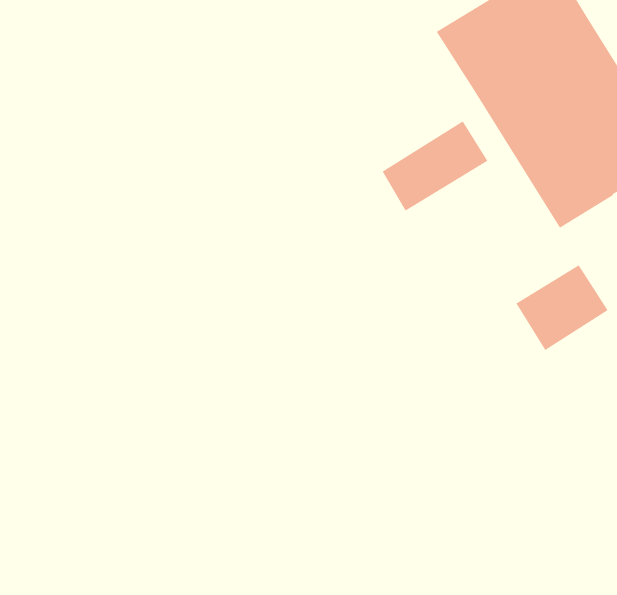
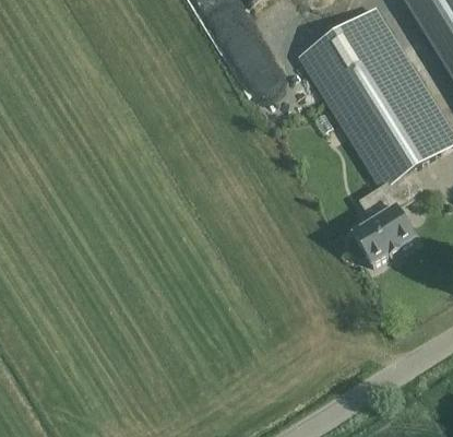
building: [382,121,488,211] -> none

